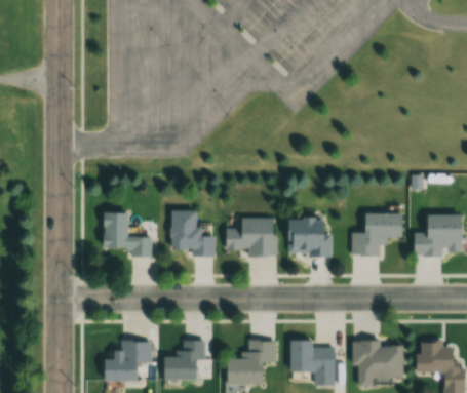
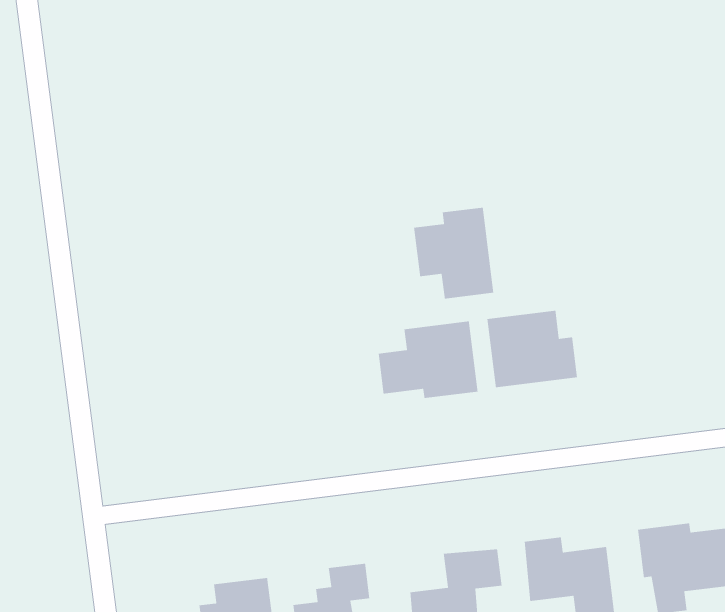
building: none -> [413,207,494,300]
building: [170,210,216,256] -> none
building: [102,211,152,256] -> none
building: [352,212,402,254] -> none

